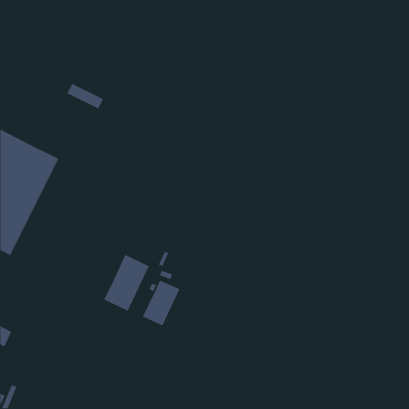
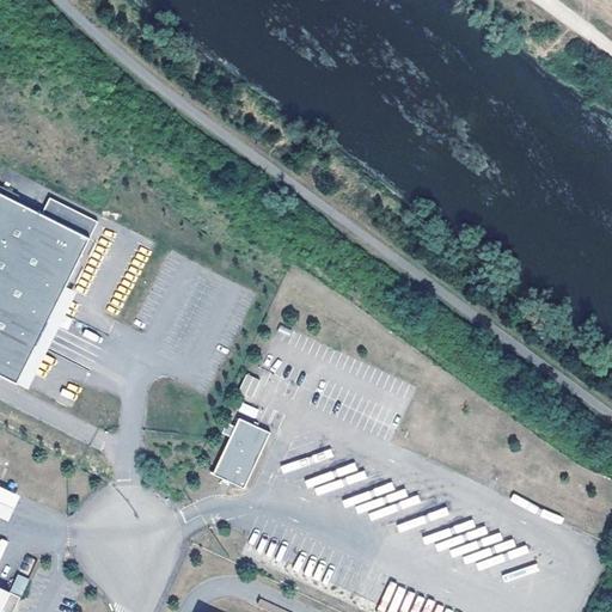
building: [66,83,104,109] -> [41,197,97,237]
building: [103,254,150,312] -> none

